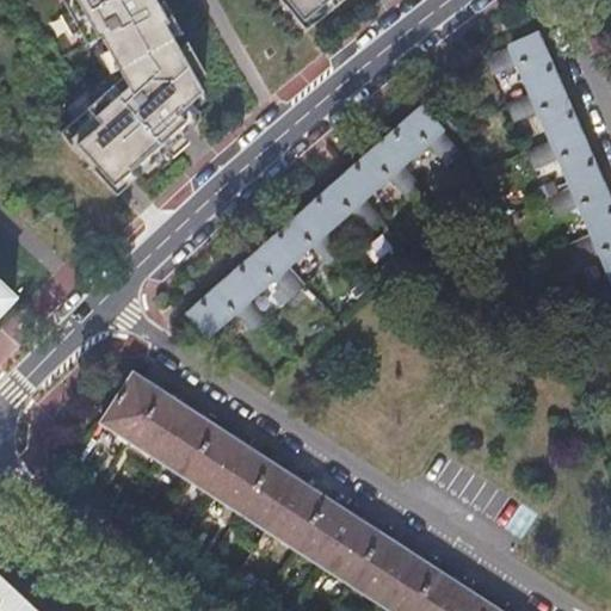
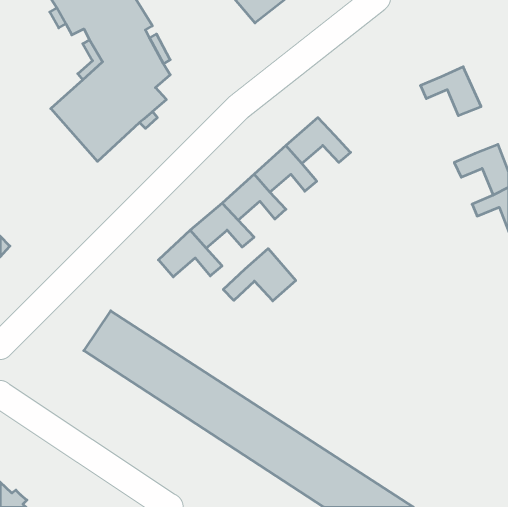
building: [485,31,556,92] -> none
building: [382,106,457,162] -> none
building: [526,128,598,184] -> none
building: none -> [223,249,296,301]

